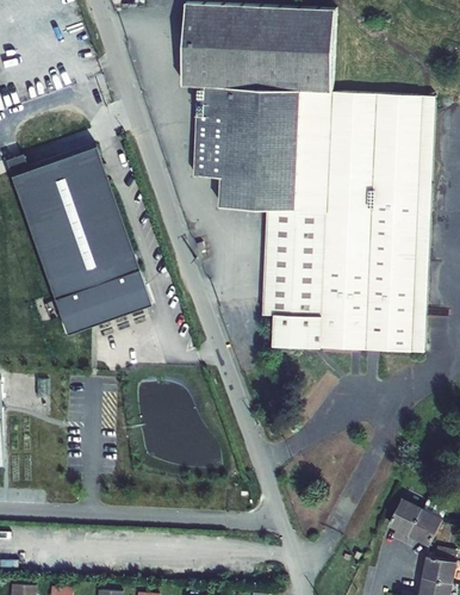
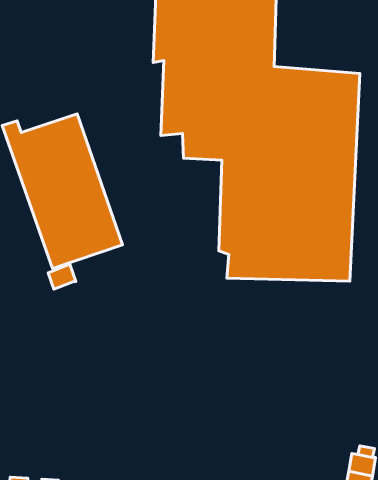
building: none -> [48,264,76,289]
building: [384,494,445,543] -> none

